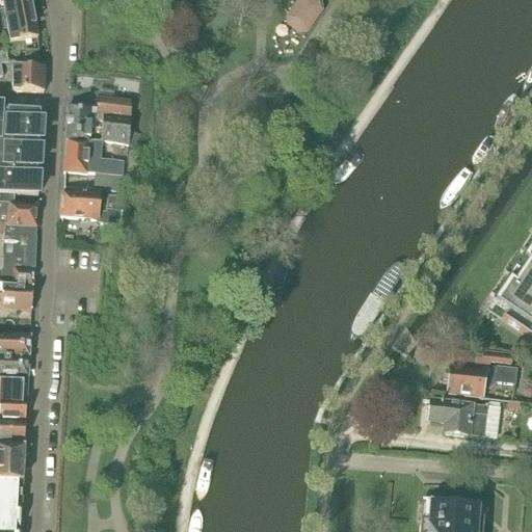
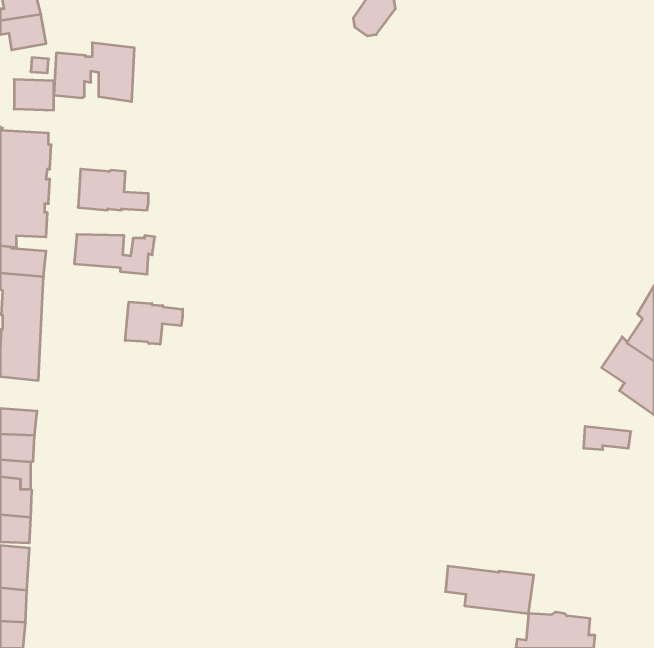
building: [65,95,131,142] -> [54,43,134,102]
building: none -> [125,302,183,344]
building: [446,365,515,396] -> none
building: [428,398,500,436] -> [445,566,534,613]

